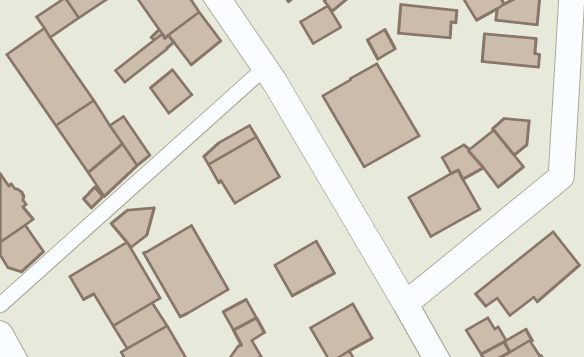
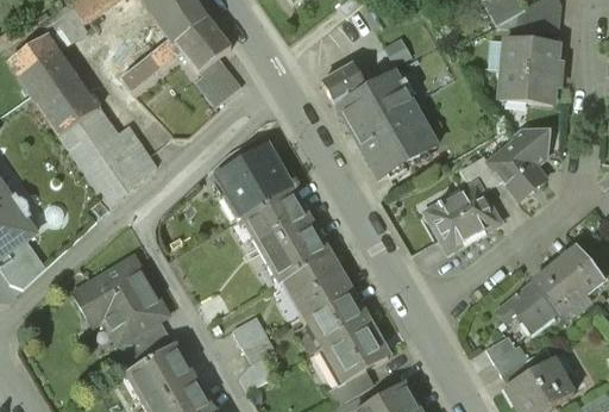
building: [398,5,457,38] -> [500,68,560,102]
building: [300,6,341,44] -> [324,64,365,104]
building: [151,70,192,113] -> [196,62,239,107]
building: [111,208,154,247] -> none
building: [144,225,228,317] -> [241,188,329,283]
building: none -> [304,288,368,345]

